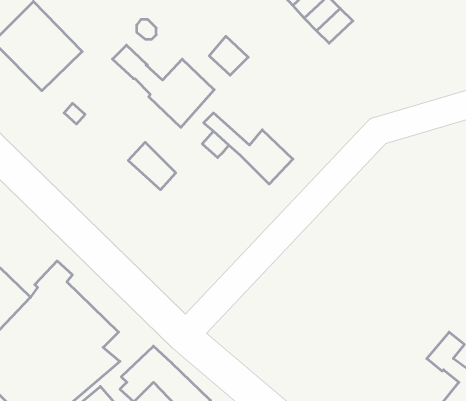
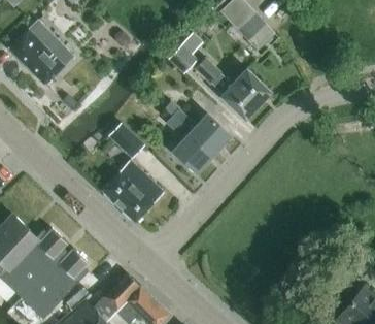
building: [112,45,214,127] -> [196,58,271,119]
building: none -> [174,132,213,172]
building: none -> [103,160,164,222]

